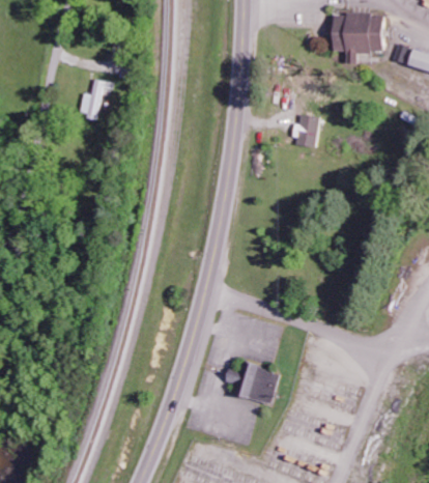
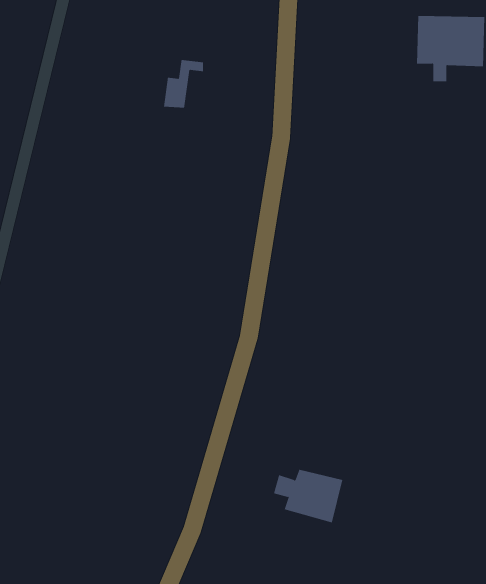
building: [80,80,111,117] -> [163,60,204,108]
building: [292,114,320,148] -> none

